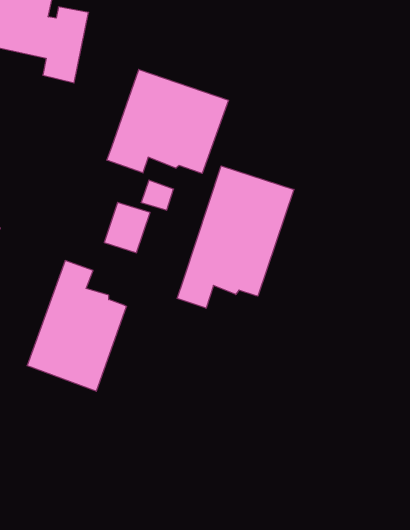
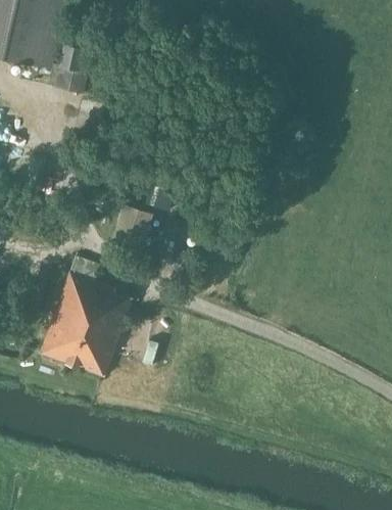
building: [107,69,229,173] -> none
building: [177,166,294,308] -> none

